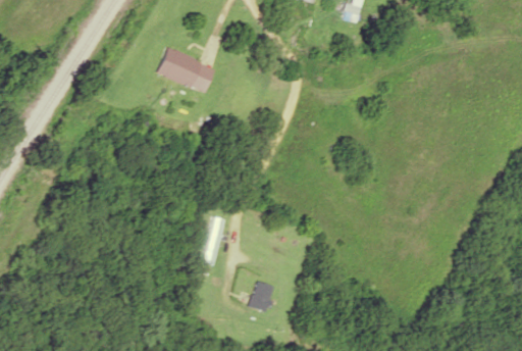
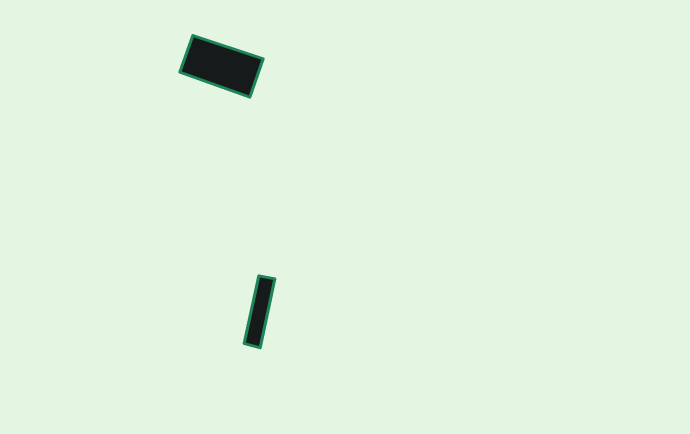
building: [251,283,271,310] -> none

